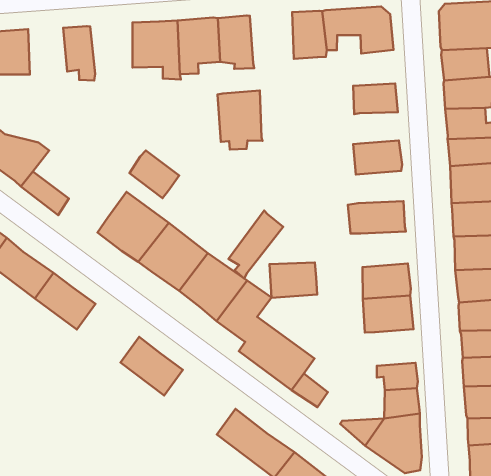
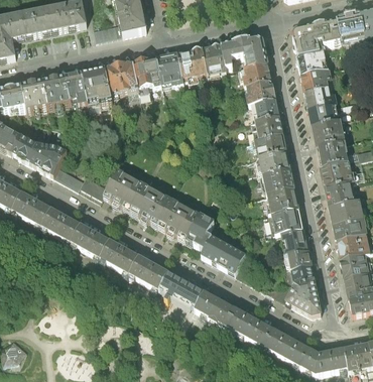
building: none -> [82,66,112,102]
building: none -> [44,75,72,106]
building: none -> [239,59,271,85]
building: [218,91,263,150] -> [177,45,209,84]
building: none -> [252,97,278,119]
building: [129,151,179,198] -> [79,173,109,201]
building: none -> [255,132,286,155]
building: [229,210,283,278] -> none
building: [270,262,317,298] -> [263,168,294,194]
building: none -> [100,239,138,272]
building: none -> [280,227,307,252]
building: none -> [158,271,203,308]

